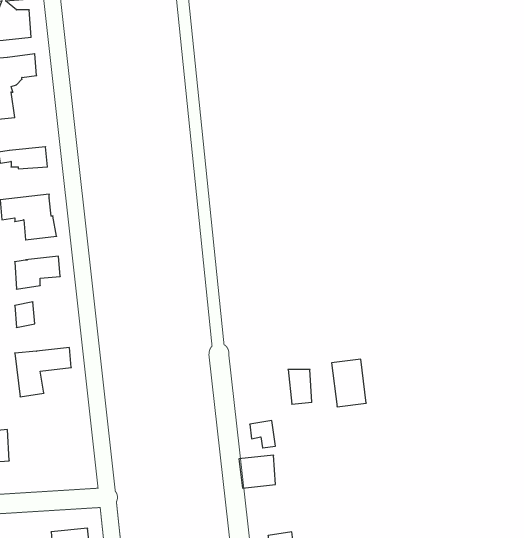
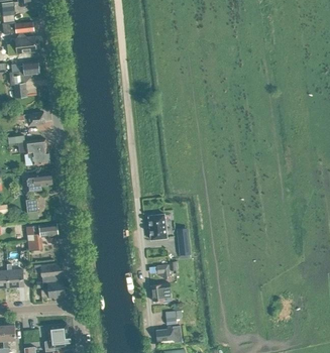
building: [332,359,366,407] -> [147,211,167,237]
building: none -> [34,263,65,299]

